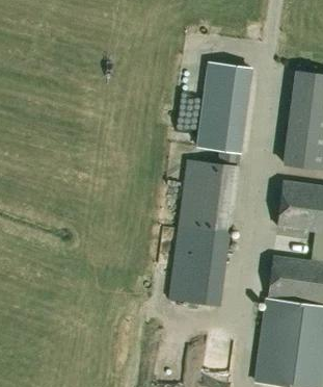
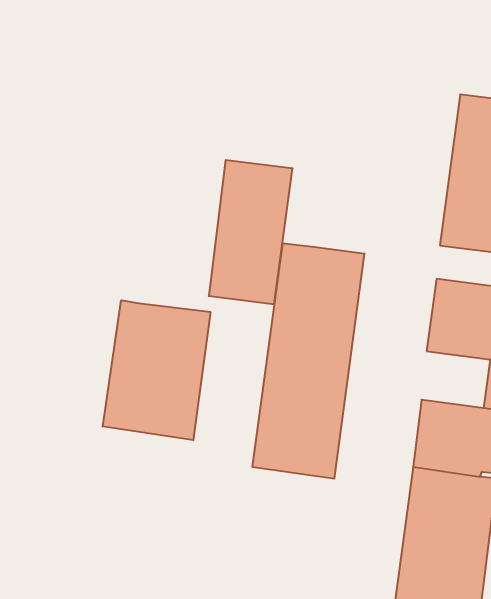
building: [199,62,251,152] -> [209,160,293,304]
building: none -> [103,300,210,440]

